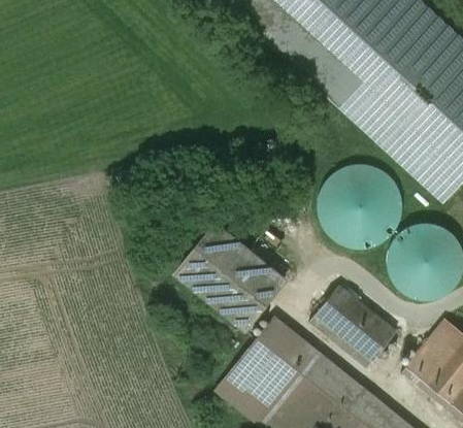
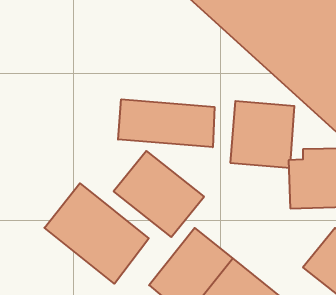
building: none -> [118,99,214,147]
building: none -> [44,183,149,284]
building: [310,284,397,367] -> none

